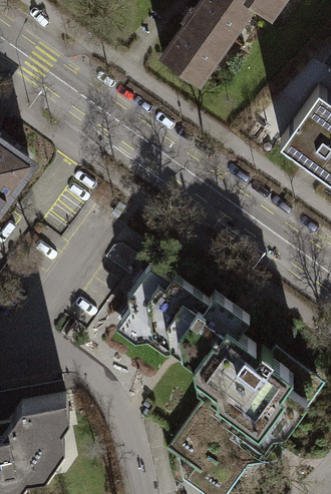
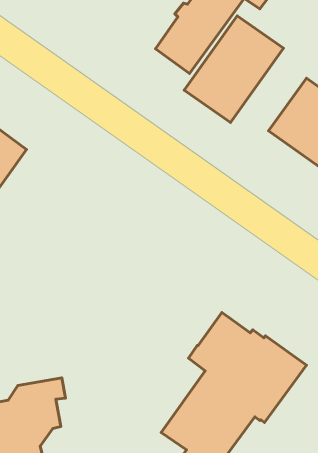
building: none -> [184,16,283,123]
building: [120,272,249,368] -> none

